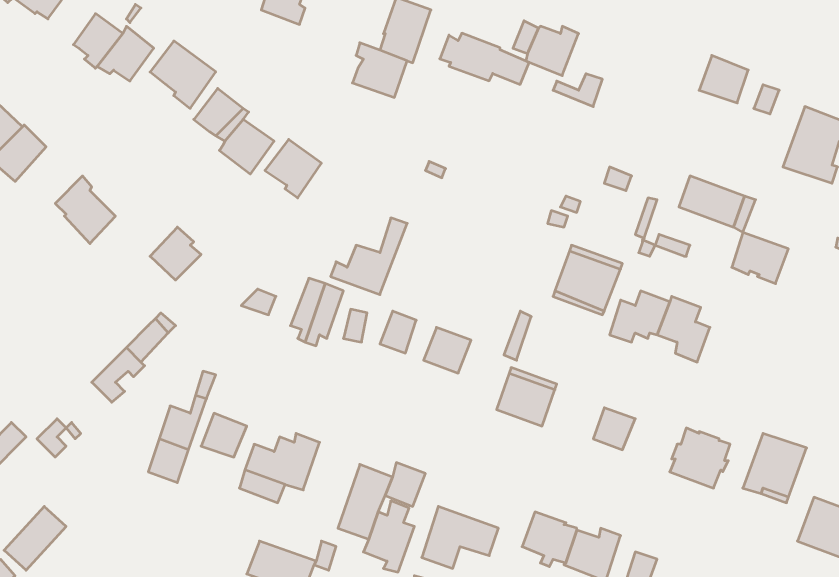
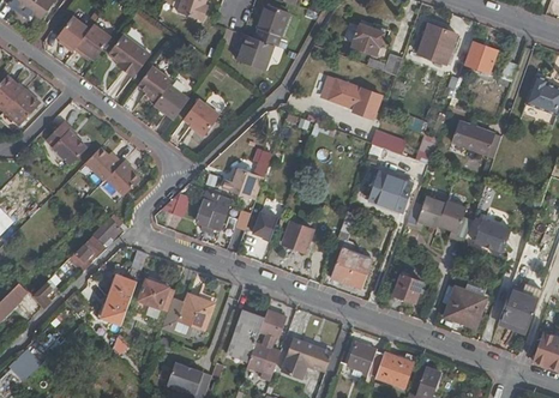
building: none -> [419,25,458,65]
building: [440,33,529,84] -> [321,78,380,111]
building: none -> [84,140,120,175]
building: [732,233,788,284] -> [475,219,512,253]

